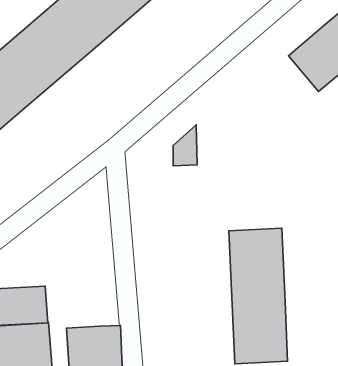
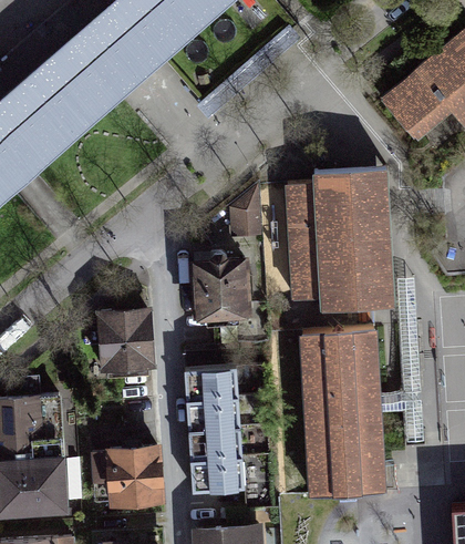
building: none -> [289,166,392,308]
building: none -> [195,258,252,324]
building: none -> [97,317,155,386]
building: none -> [186,372,241,494]

